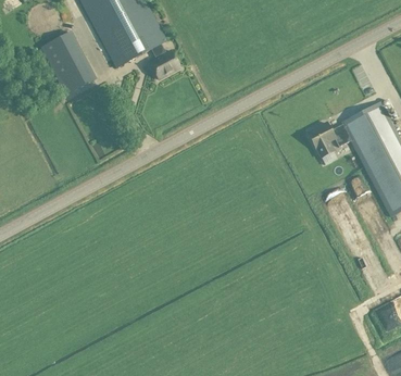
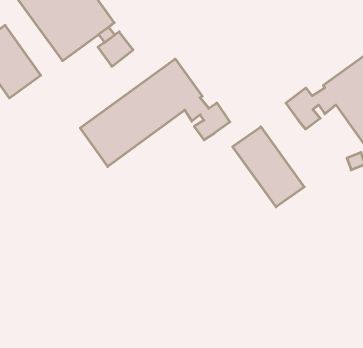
building: none -> [80,59,230,167]
building: none -> [233,127,304,207]

